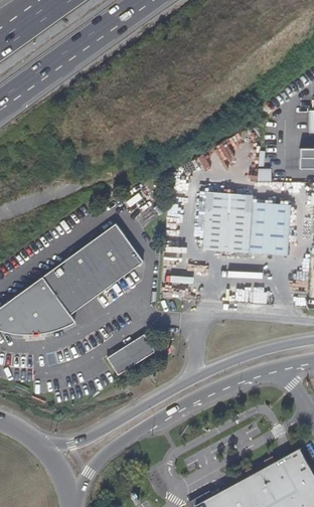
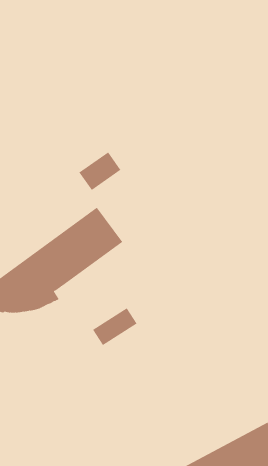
building: none -> [79,151,121,191]
building: [203,182,294,257] -> none

